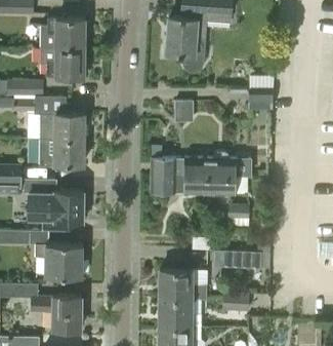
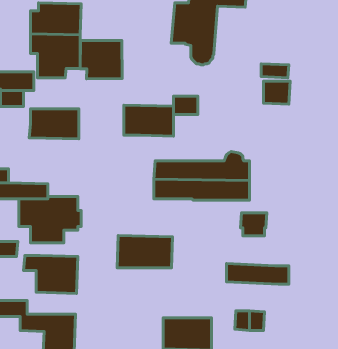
building: none -> [80,41,122,79]
building: [40,140,84,167] -> [124,105,174,136]
building: [159,271,208,300] -> [117,236,173,268]

